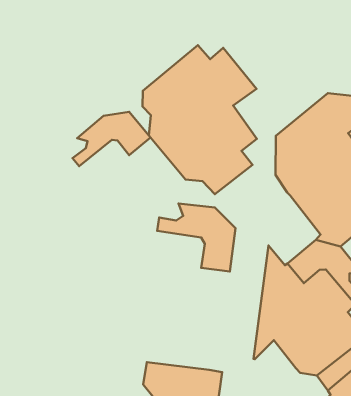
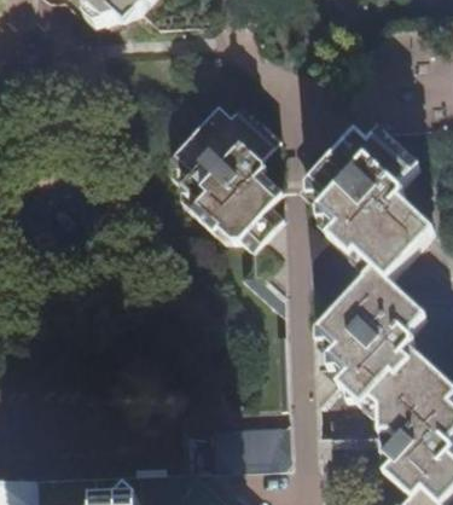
building: [73,112,150,166] -> none
building: [157,203,236,272] -> none

